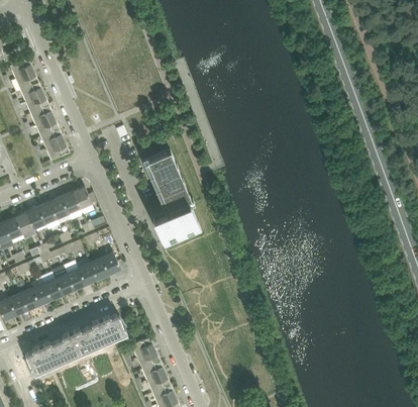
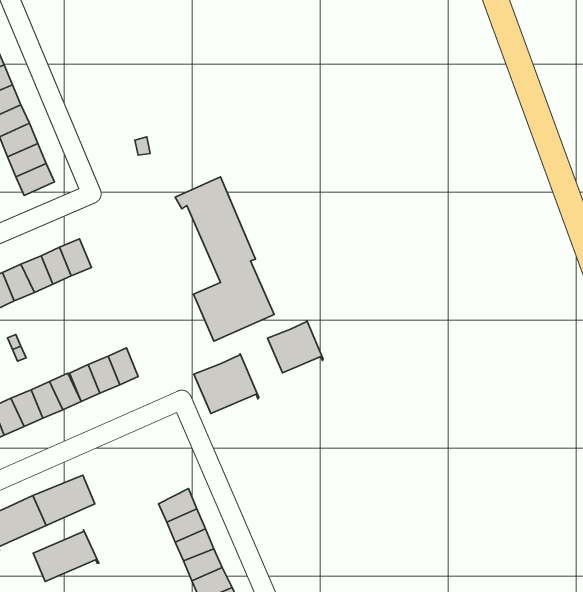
building: none -> [268,321,323,373]
building: none -> [194,354,259,413]
building: [87,315,126,346] -> [33,530,99,582]

